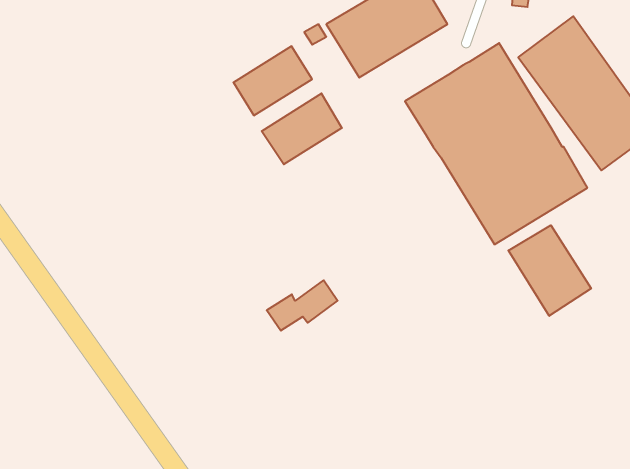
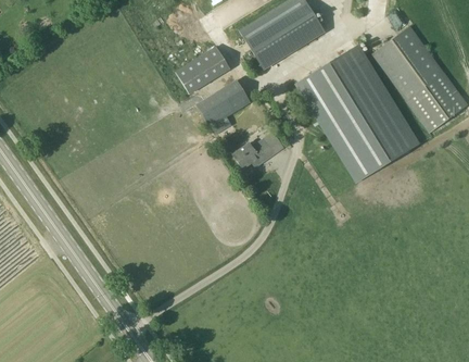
building: [508,225,591,316] -> none
building: [267,280,338,331] -> [232,133,281,167]

